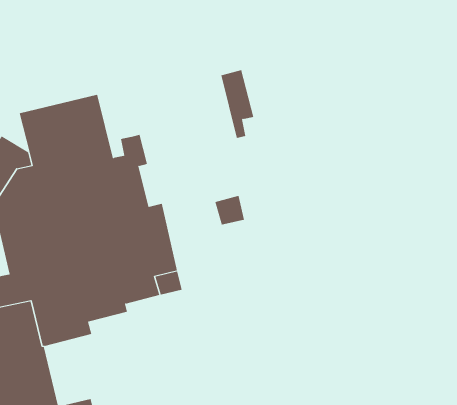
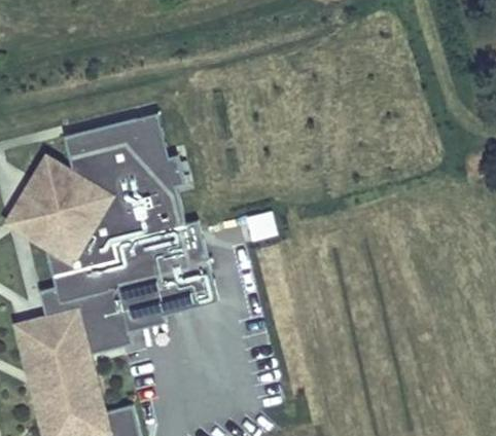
building: [221,70,254,138] -> [135,113,166,177]

